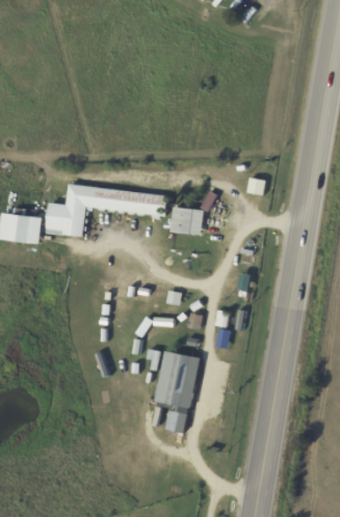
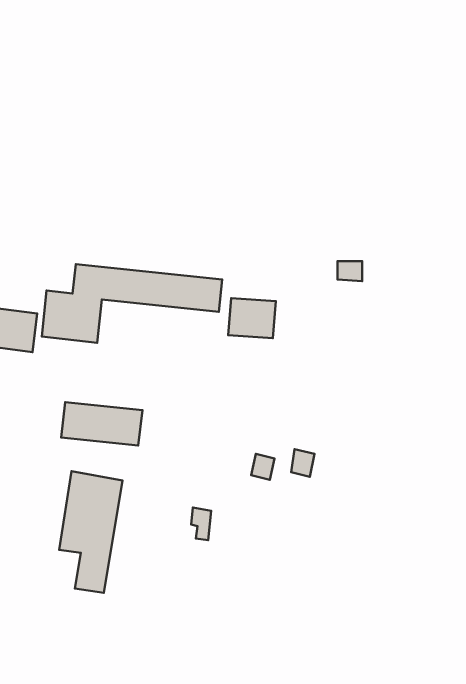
building: none -> [61,402,142,446]
building: [155,350,198,432] -> [59,471,122,593]

